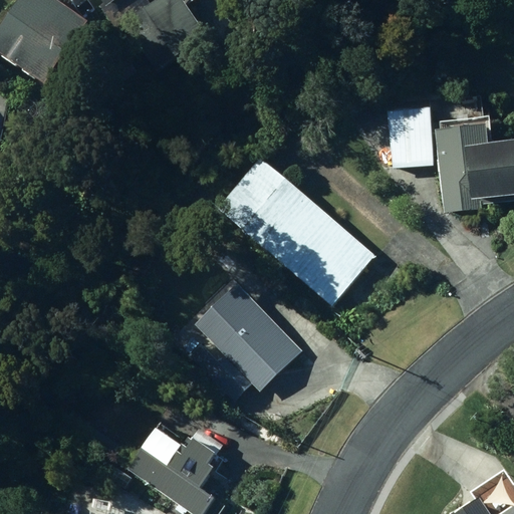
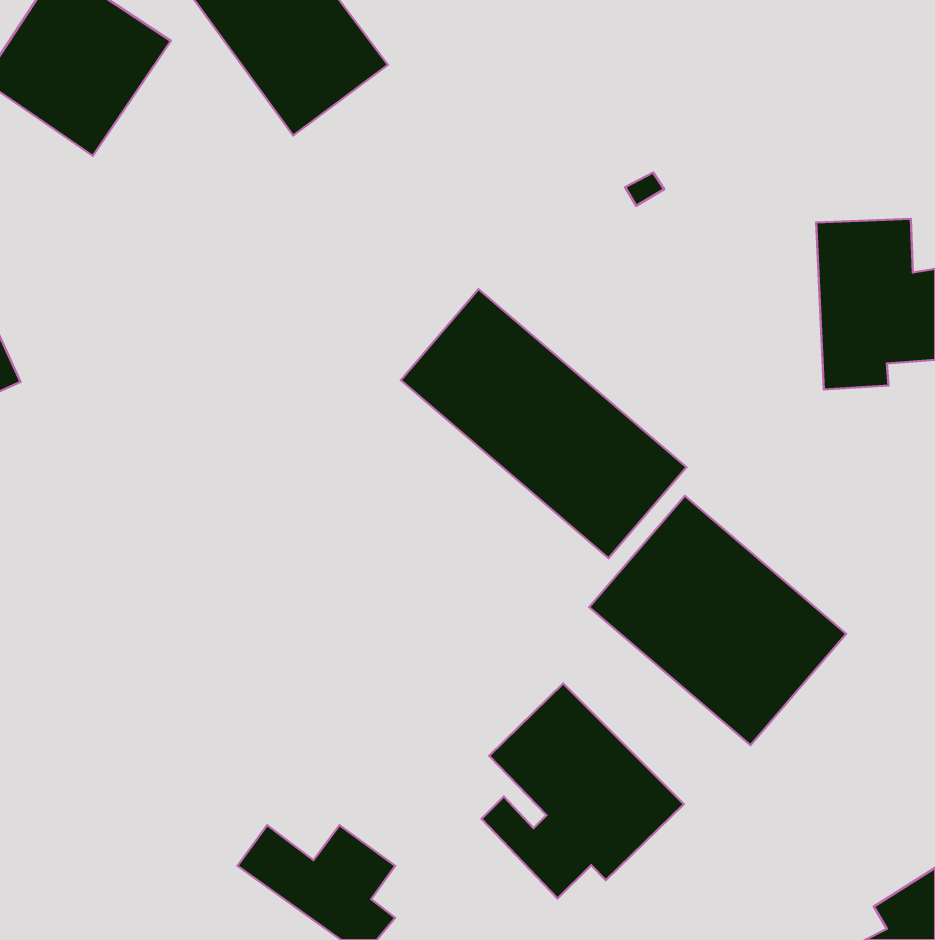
building: [388,107,434,166] -> none
building: none -> [589,496,846,745]
building: [191,283,300,400] -> [482,684,684,899]

